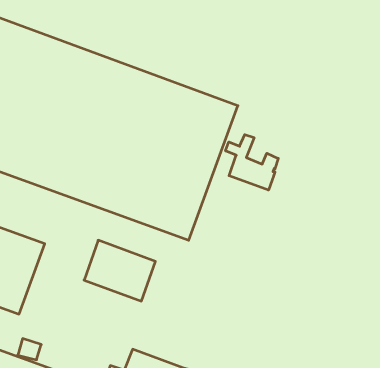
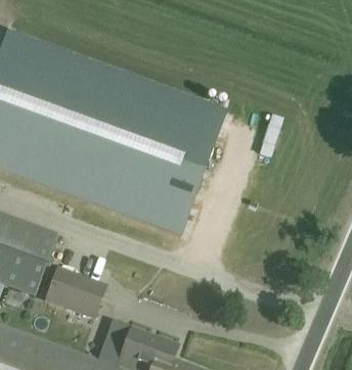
building: [226,135,278,190] -> none
building: [84,240,155,301] -> [45,266,107,319]

